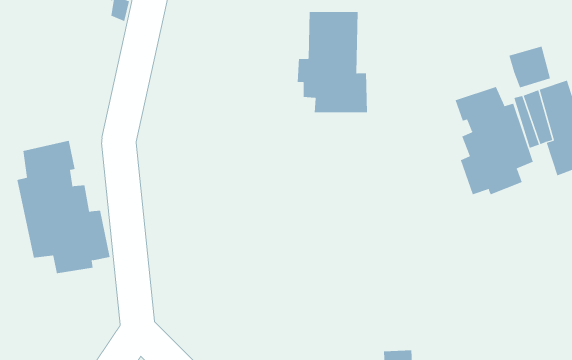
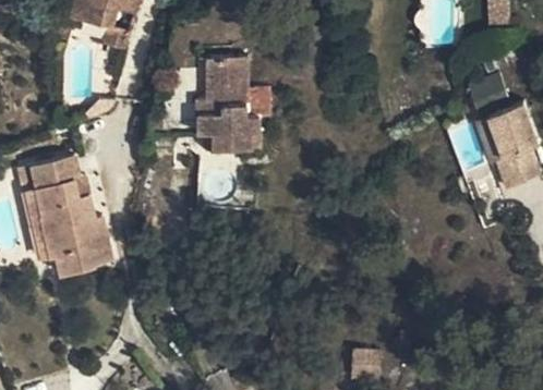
building: [297,11,368,113] -> [194,58,258,149]
building: [455,86,534,195] -> none

